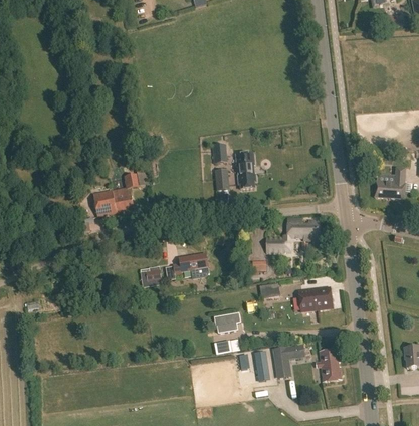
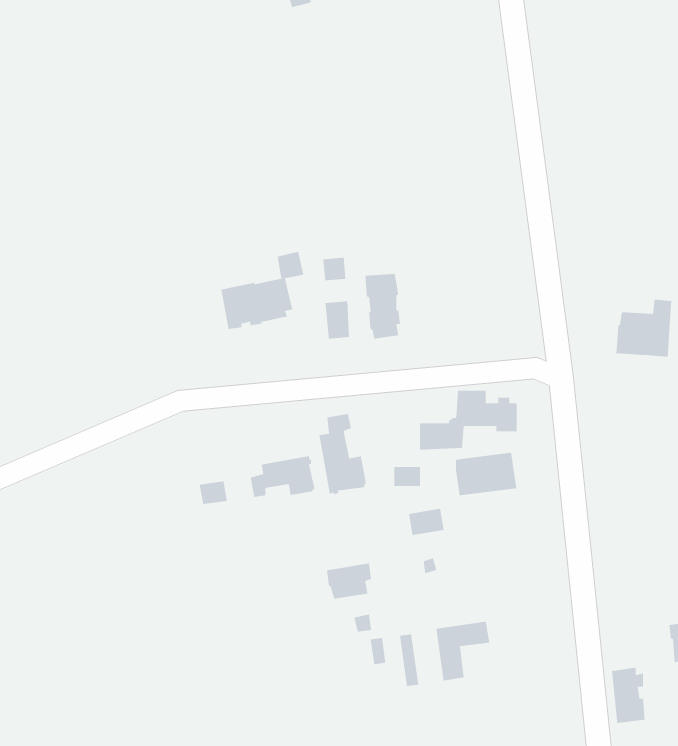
building: [93,174,140,217] -> [220,251,304,329]
building: none -> [319,413,366,495]
building: [299,287,334,311] -> [455,452,517,496]
building: [322,350,341,381] -> [611,667,646,724]

